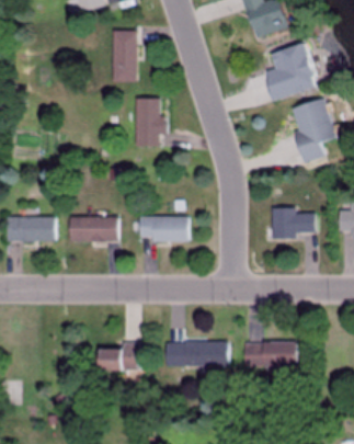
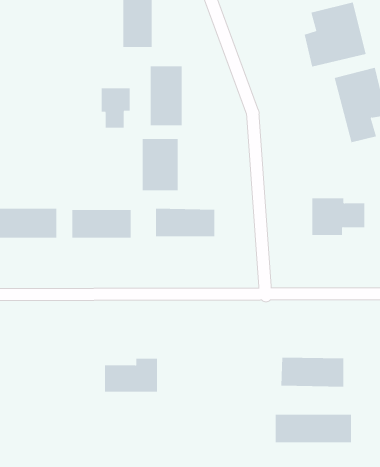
building: none -> [101,88,130,129]
building: none -> [142,138,178,191]
building: [165,342,230,366] -> [275,414,352,443]

